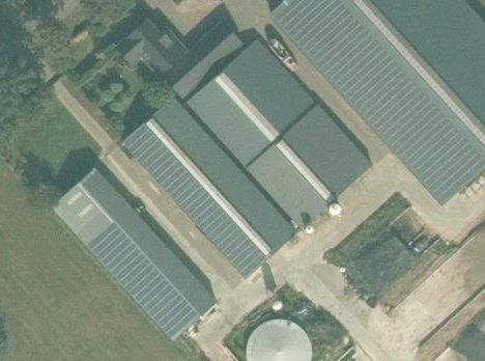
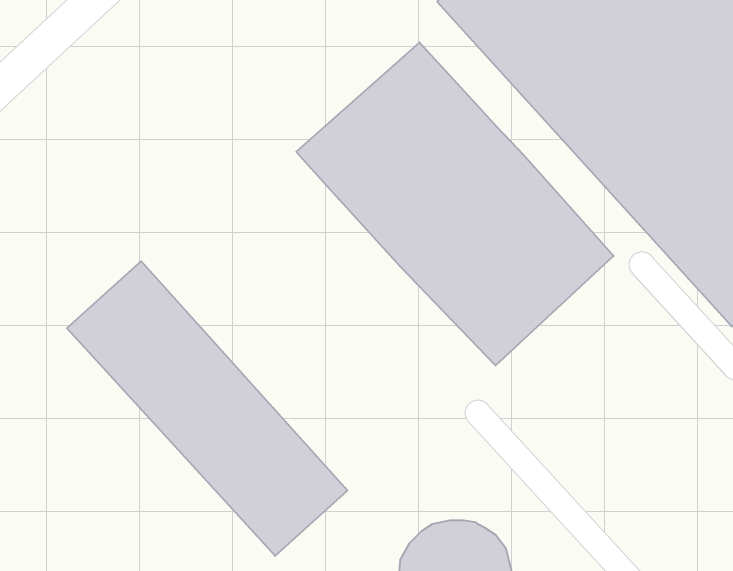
building: [117,21,244,98] -> none
building: [124,99,294,276] -> none

